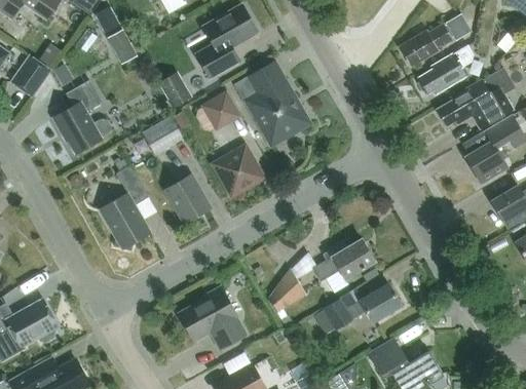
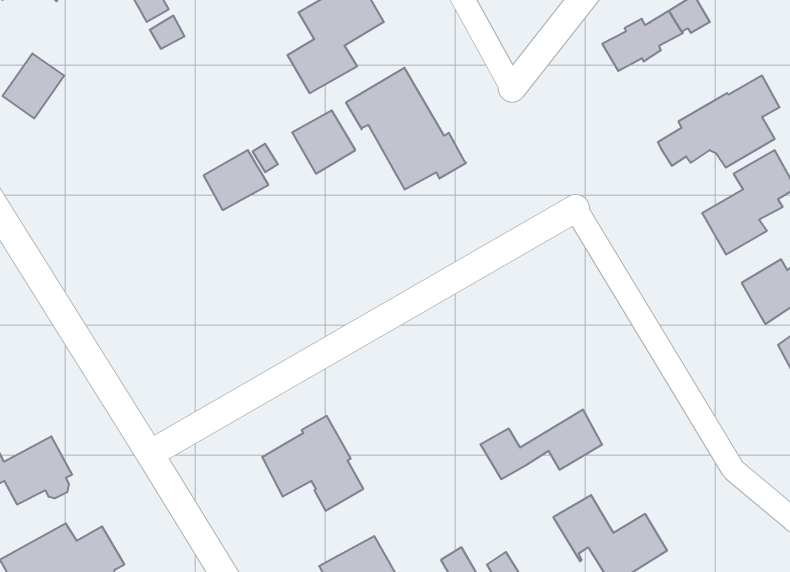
building: [418,45,472,92] -> none
building: [158,71,191,107] -> none
building: [53,80,111,153] -> none
building: [214,145,264,195] -> none
building: [100,164,151,250] -> none
building: [167,174,210,222] -> none
building: [315,238,375,290] -> none
building: [268,269,306,313] -> none

